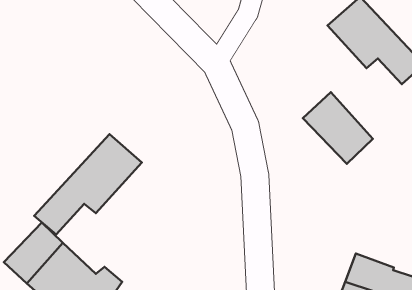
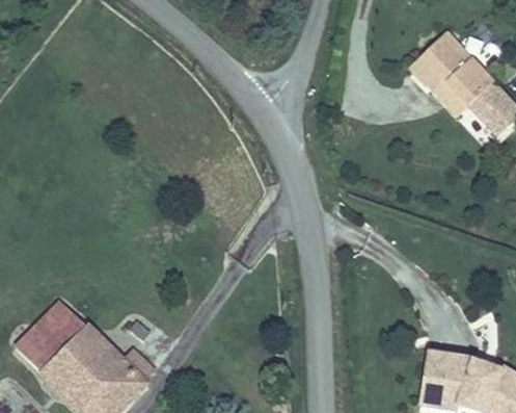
building: [303,92,373,164] -> none
building: [34,134,142,235] -> none

